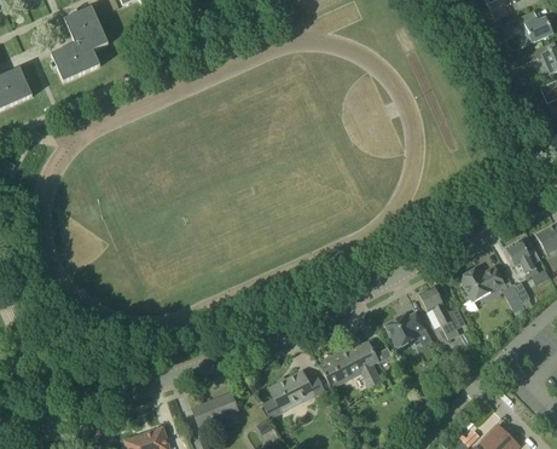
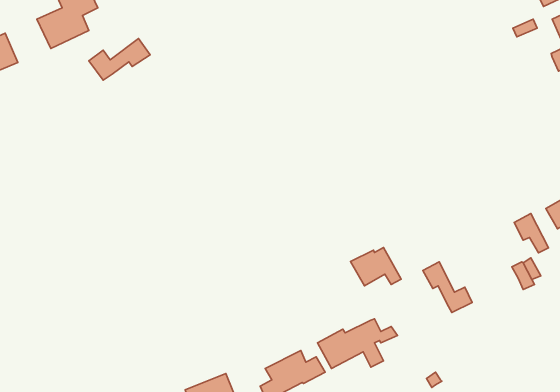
building: none -> [89,38,150,80]
building: [459,266,504,300] -> none
building: [384,311,433,347] -> [350,248,401,286]

